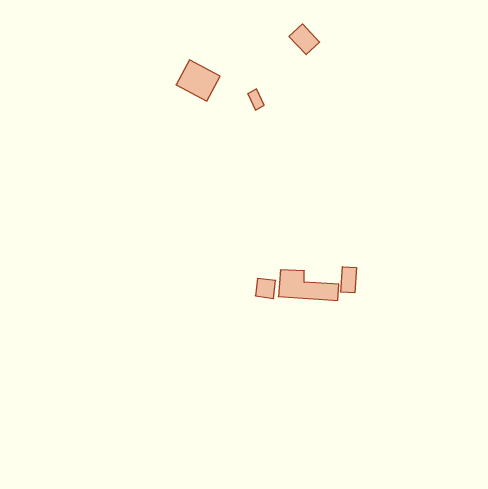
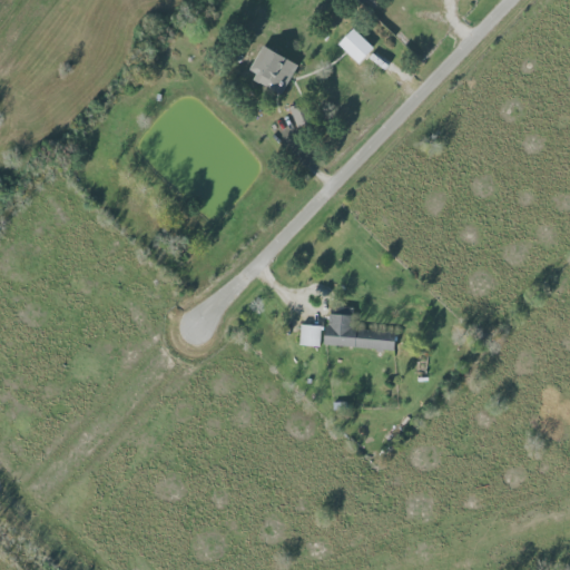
building: [176,60,220,101] -> [246,46,297,94]
building: [341,267,356,293] -> none

